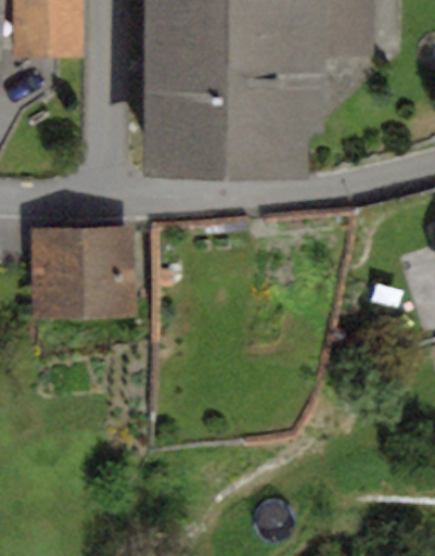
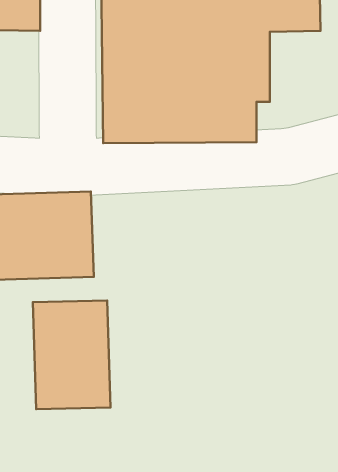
building: none -> [33,300,111,409]

